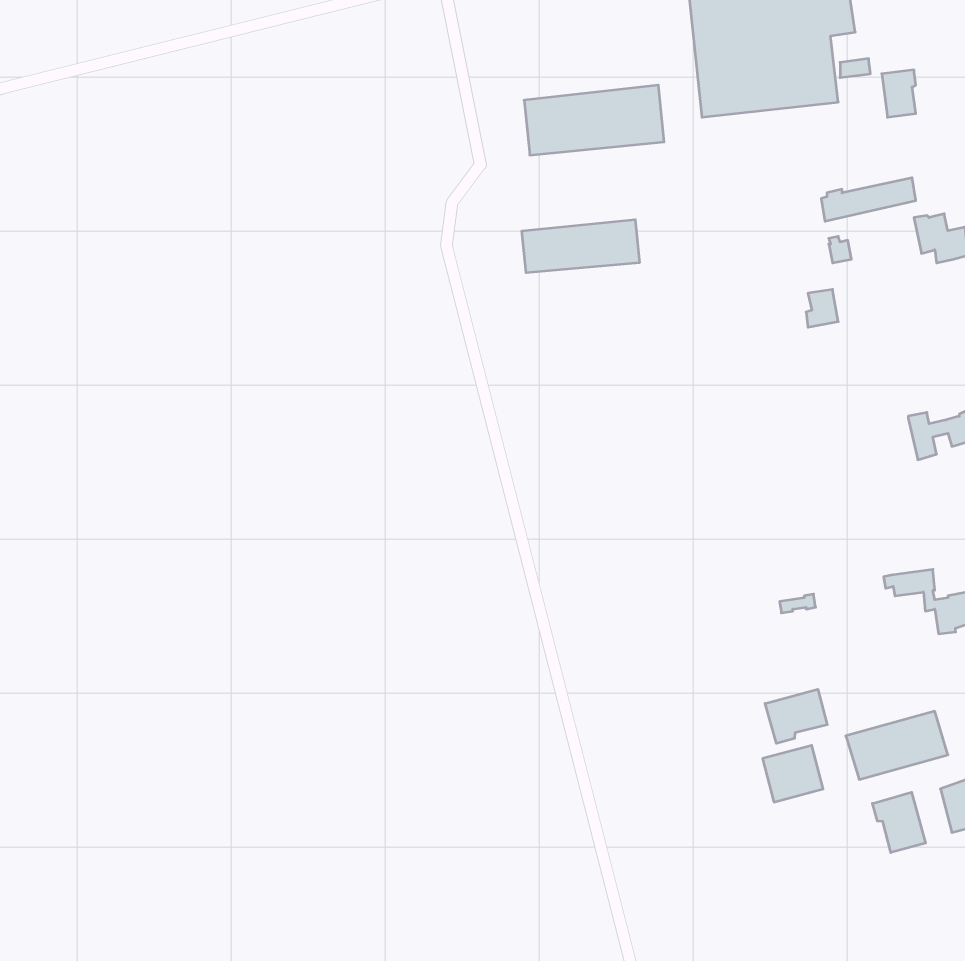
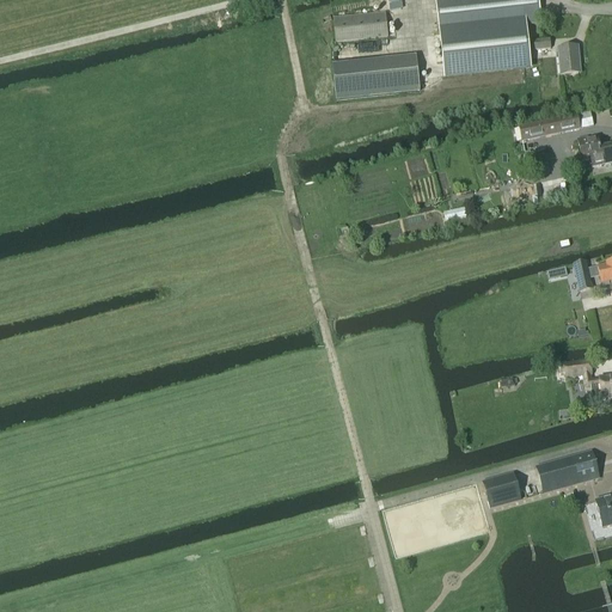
building: none -> [333,11,388,42]
building: [522,220,639,273] -> none
building: [765,689,827,743] -> none
building: [872,792,926,853] -> none

